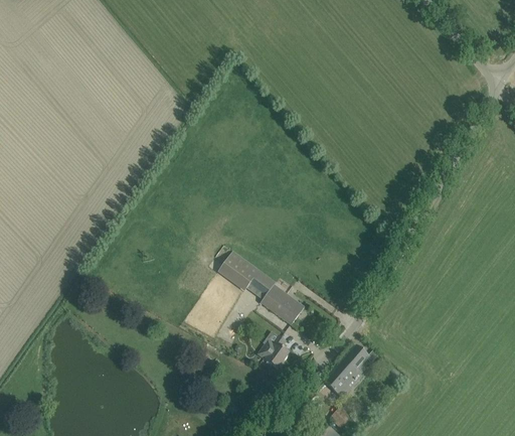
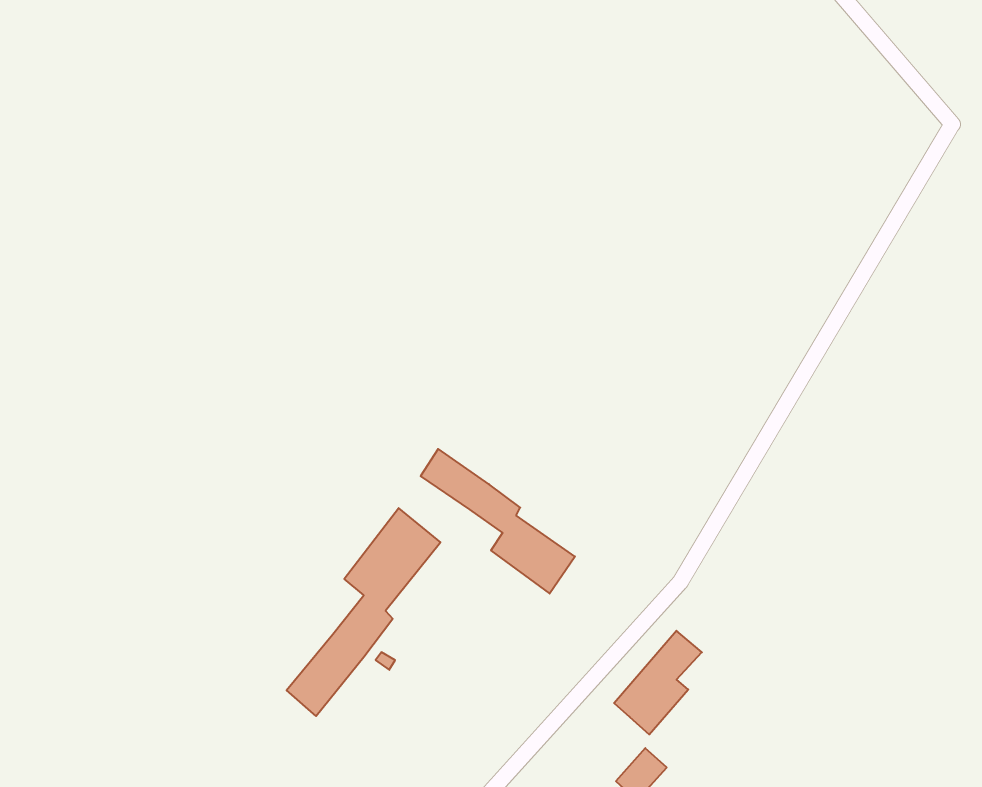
building: none -> [287,508,440,716]
building: [256,334,289,368] -> none

